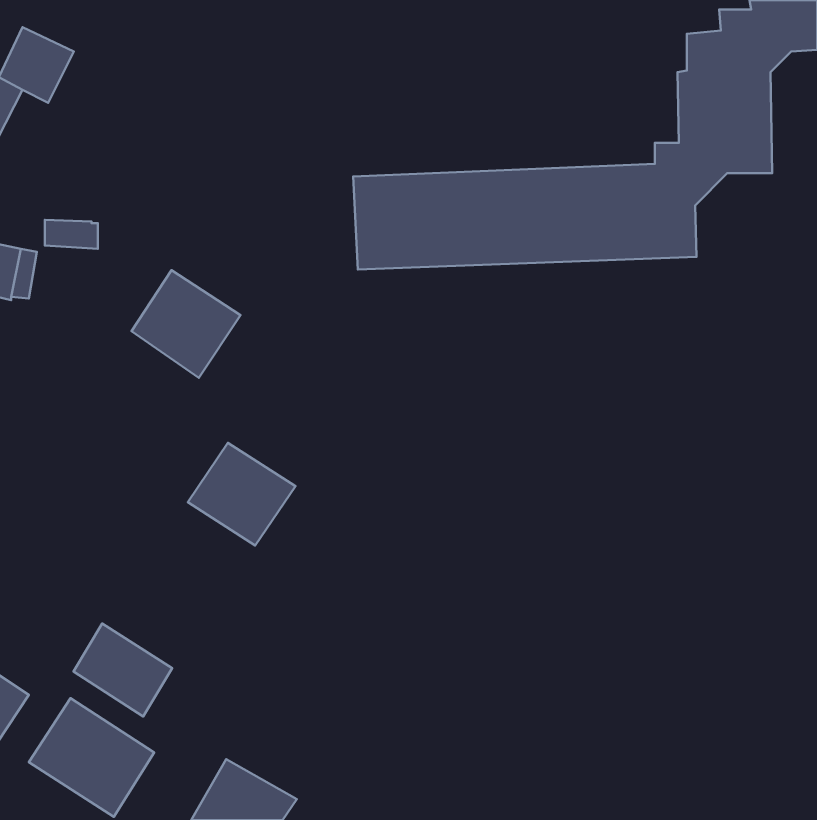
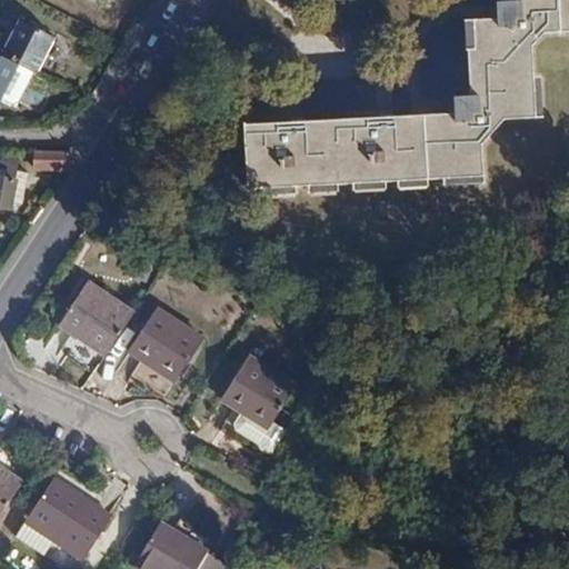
building: [131,270,241,378] -> [59,279,134,353]
building: none -> [221,356,295,451]
building: [73,623,172,716] -> none

